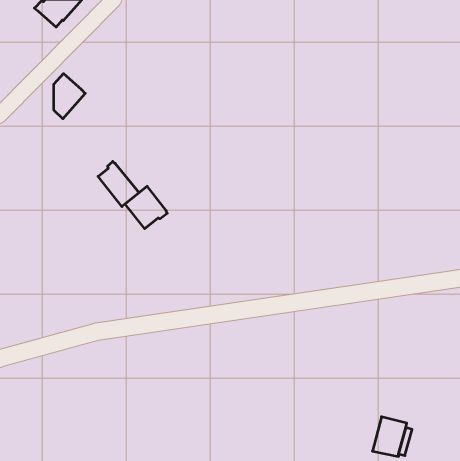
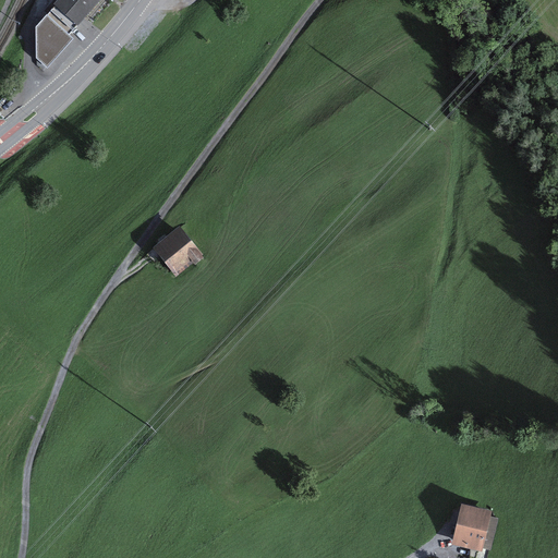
building: [54,74,85,119] -> [34,13,72,68]
building: [98,161,139,207] -> none

